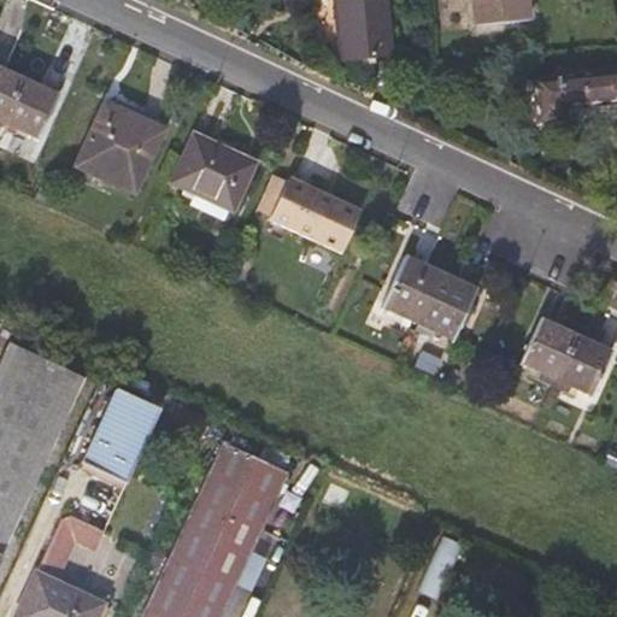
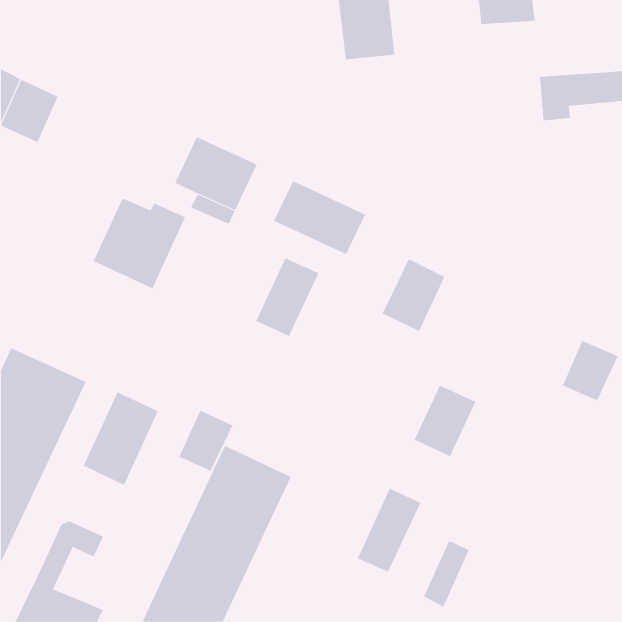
building: [76,102,168,193] -> [93,198,186,289]
building: none -> [255,257,319,337]
building: [416,274,477,345] -> [414,385,476,457]
building: [529,323,576,381] -> none
building: none -> [179,410,233,472]
building: none -> [357,488,421,572]

